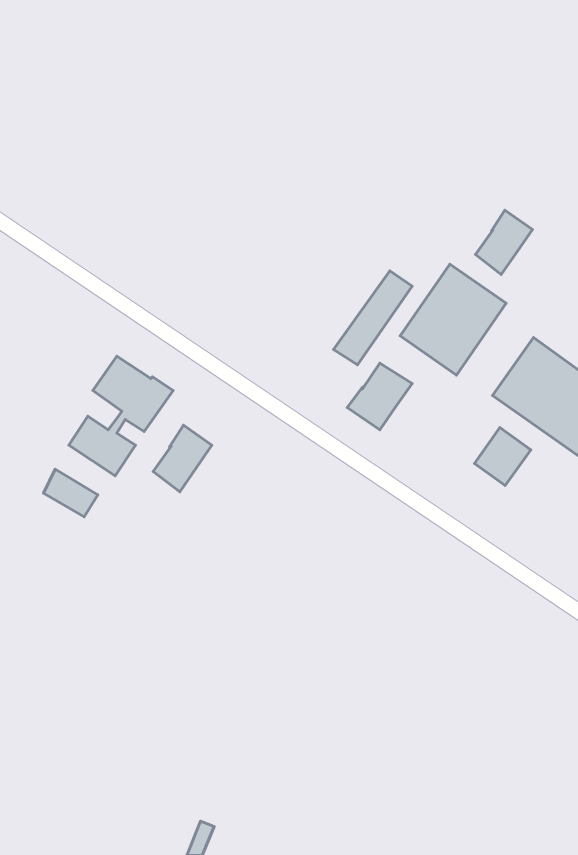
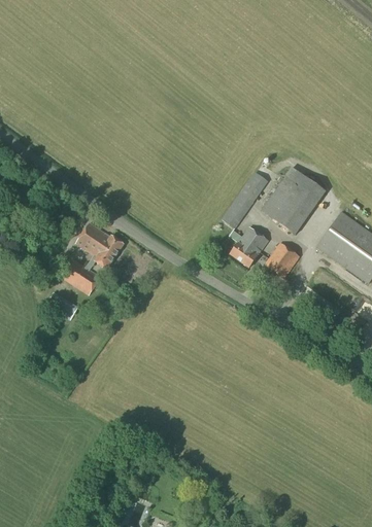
building: [475,210,532,275] -> none
building: [153,425,212,492] -> none
building: [474,428,531,486] -> [265,242,299,277]

